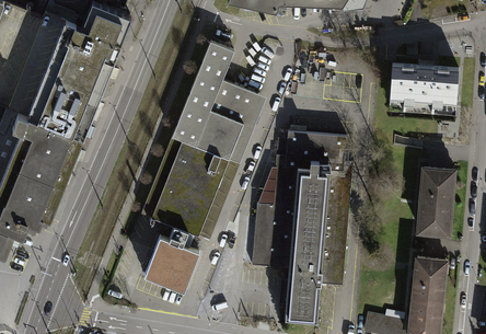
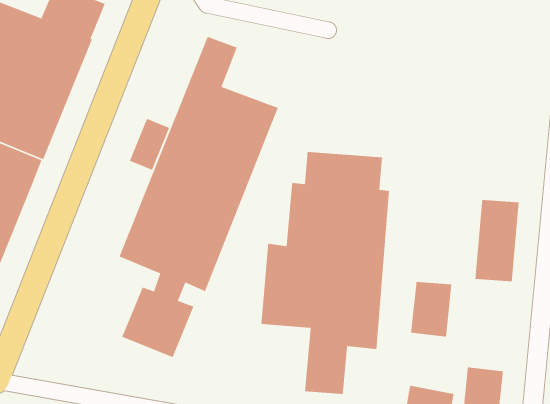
building: [389,60,459,107] -> none
building: none -> [129,118,170,171]
building: [413,257,445,301] -> [410,281,452,337]

